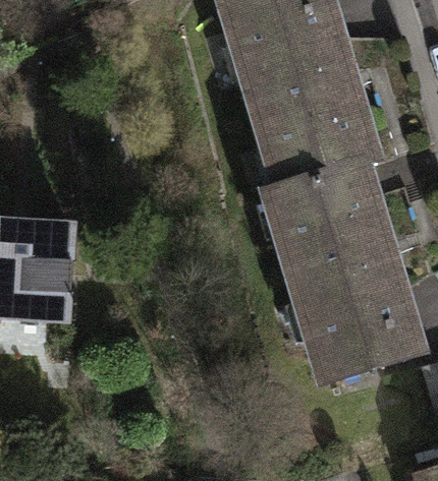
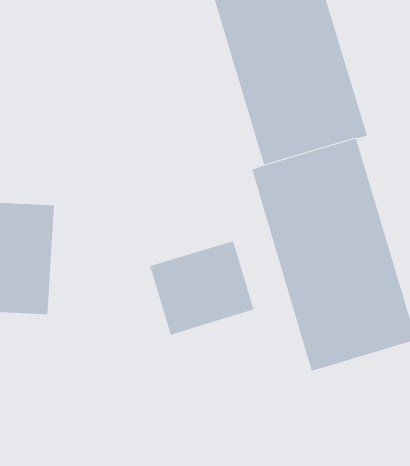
building: none -> [150,240,254,336]

